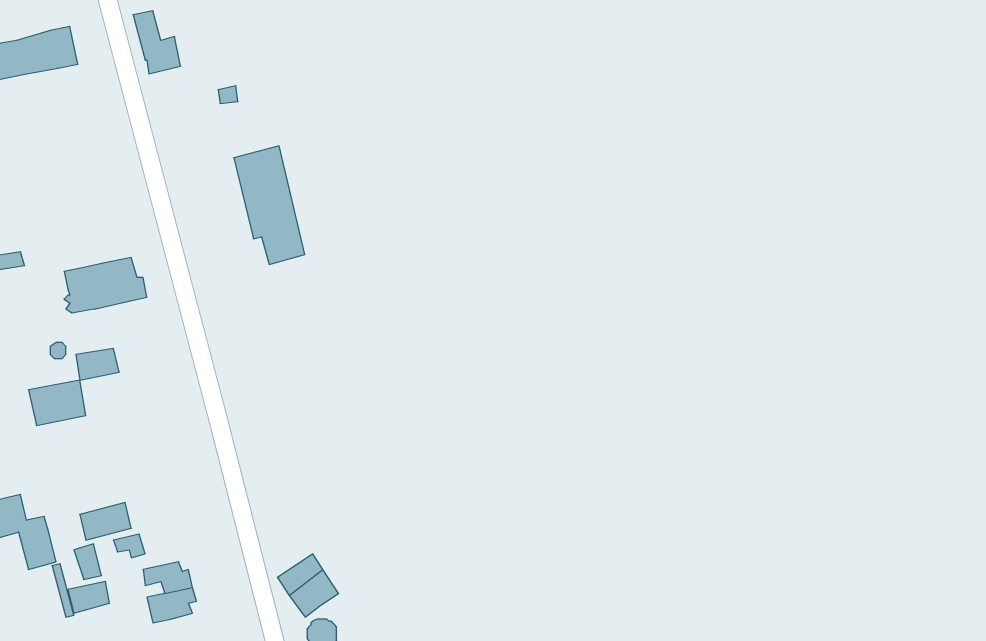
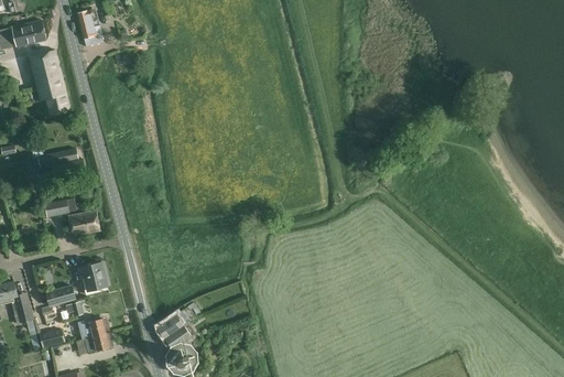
building: [234,146,305,264] -> [30,50,69,116]
building: [28,380,86,425] -> [67,211,99,236]
building: none -> [78,262,107,291]

